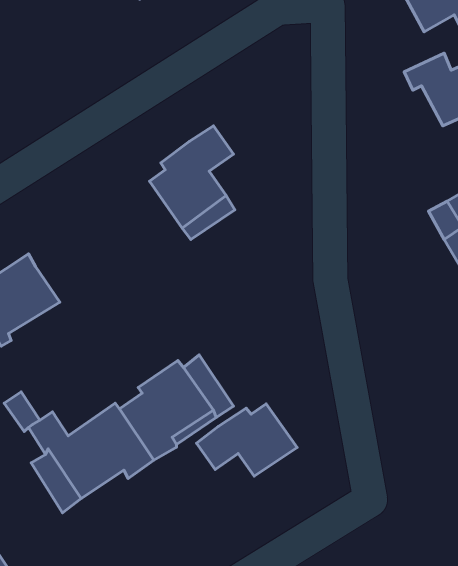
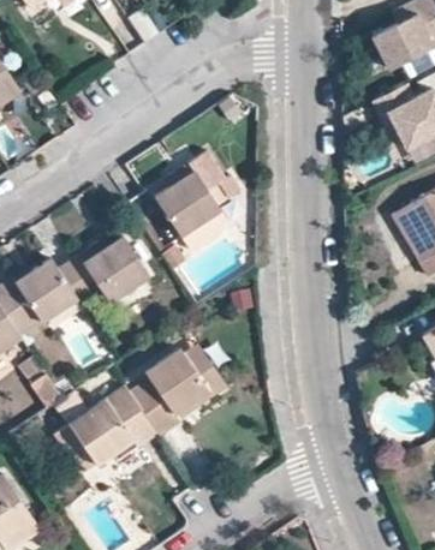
building: none -> [59,234,150,303]
building: [197,404,297,476] -> none

